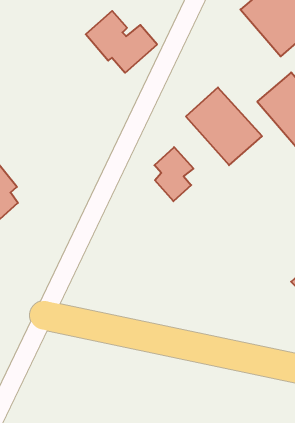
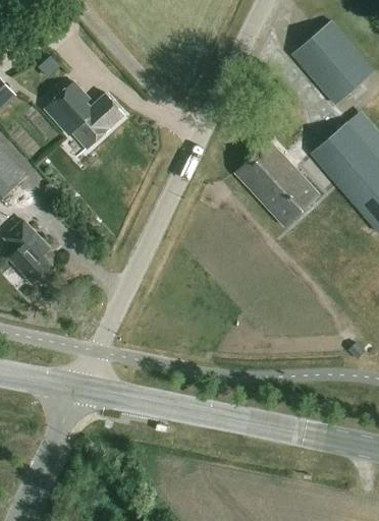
building: [86,11,157,73] -> [45,78,122,146]
building: [154,147,193,201] -> none

